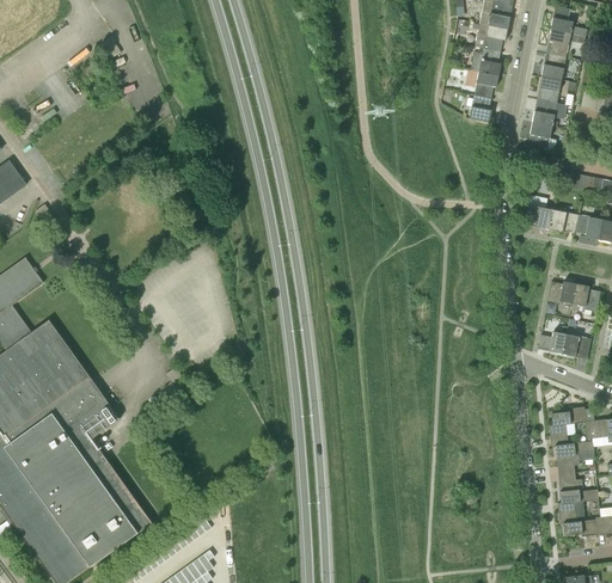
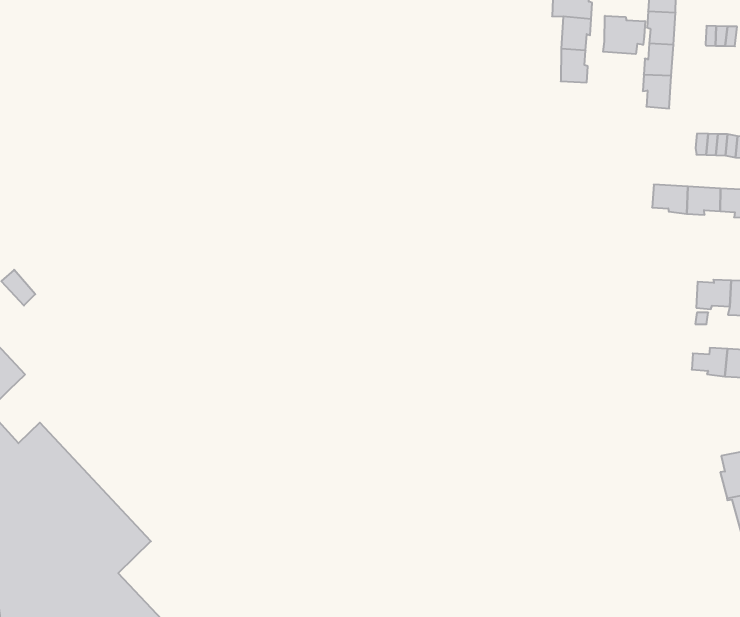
building: none -> [603,16,645,54]

